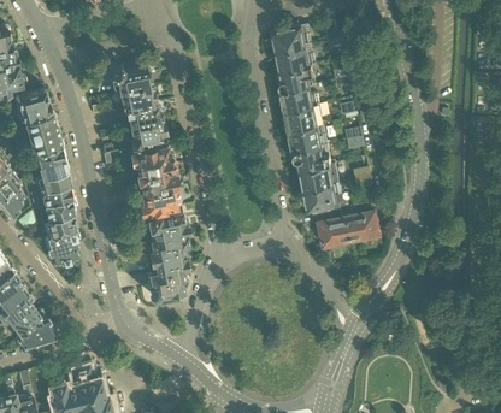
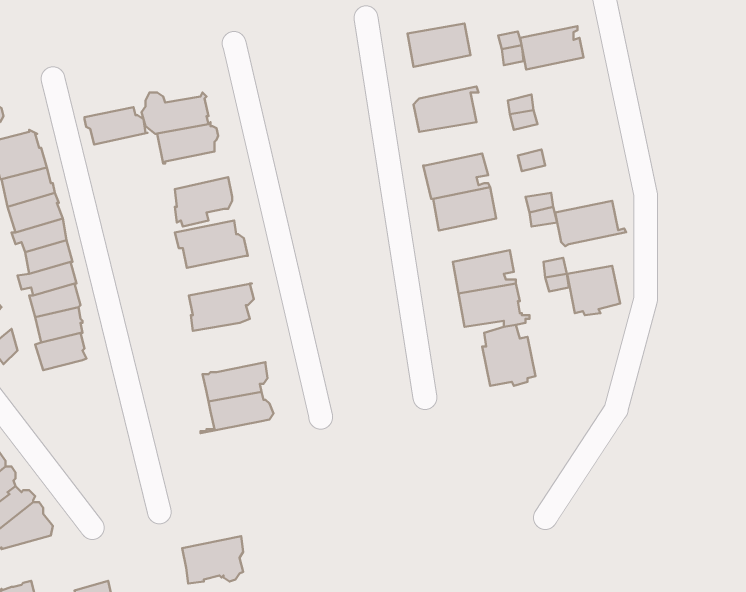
building: [277,45,316,71] -> [520,26,583,69]
building: [281,85,319,112] -> none
building: [125,104,164,126] -> [84,107,147,145]
building: [293,144,336,172] -> [555,201,626,246]
building: [138,167,182,191] -> none
building: [148,211,188,238] -> none
building: [347,212,379,242] -> [567,266,620,315]
building: [48,231,78,266] -> none
building: [147,269,184,297] -> [182,536,243,583]

